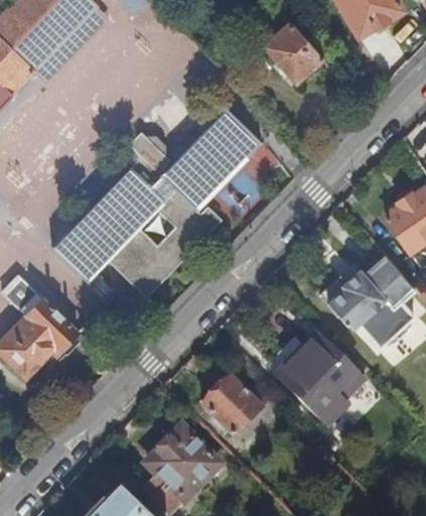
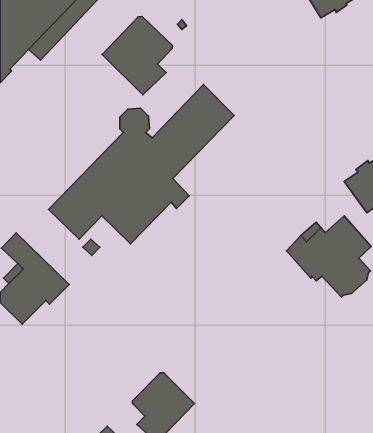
building: [262,22,323,83] -> none
building: none -> [102,16,172,95]
building: [274,333,365,424] -> none
building: [203,378,263,436] -> none

